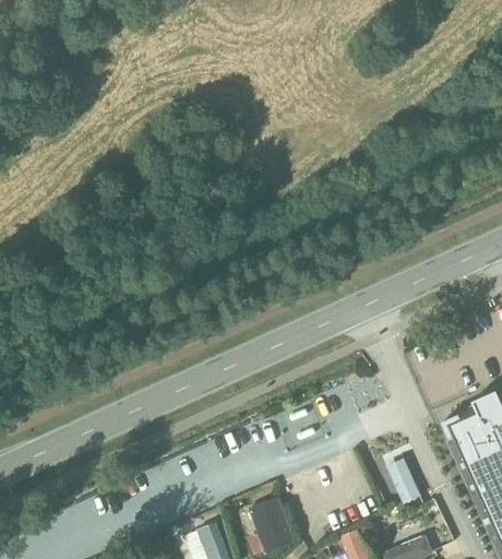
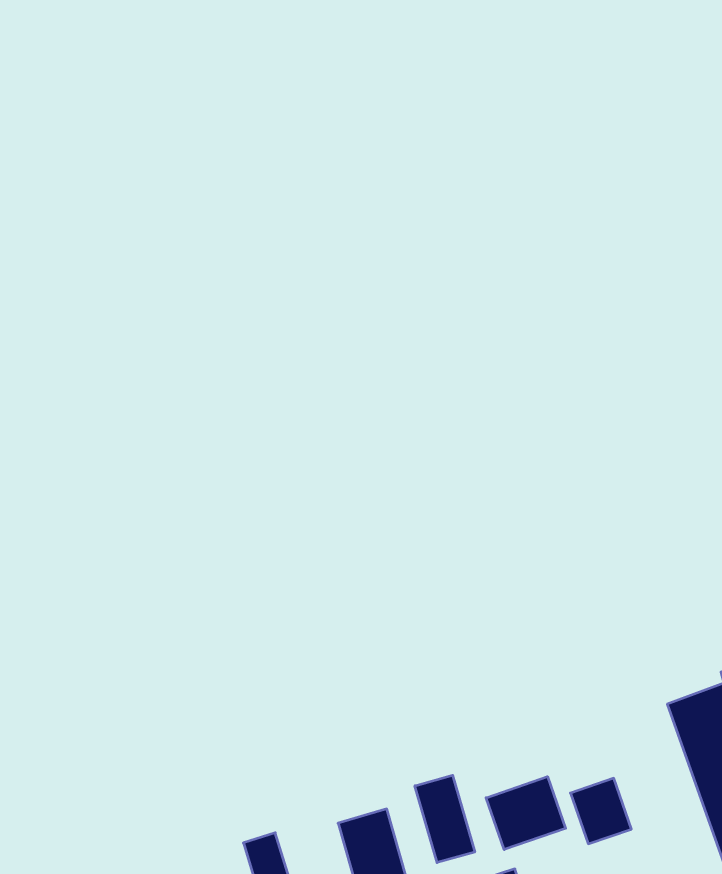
building: none -> [486,777,566,850]
building: none -> [415,775,475,863]

